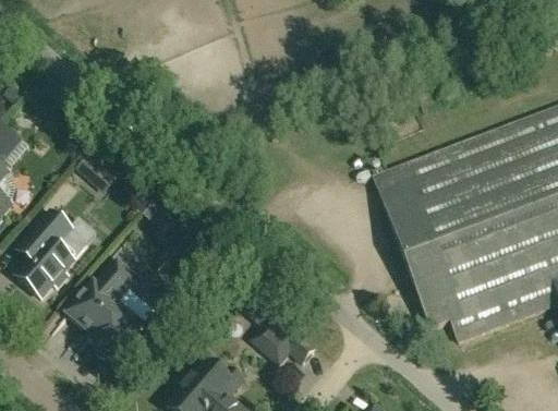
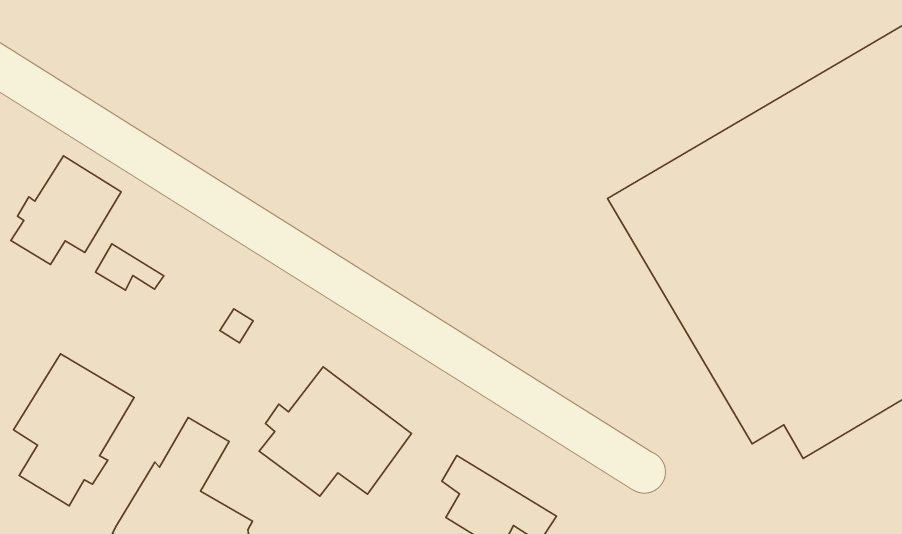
building: none -> [11,156,121,265]
building: none -> [259,367,412,496]

